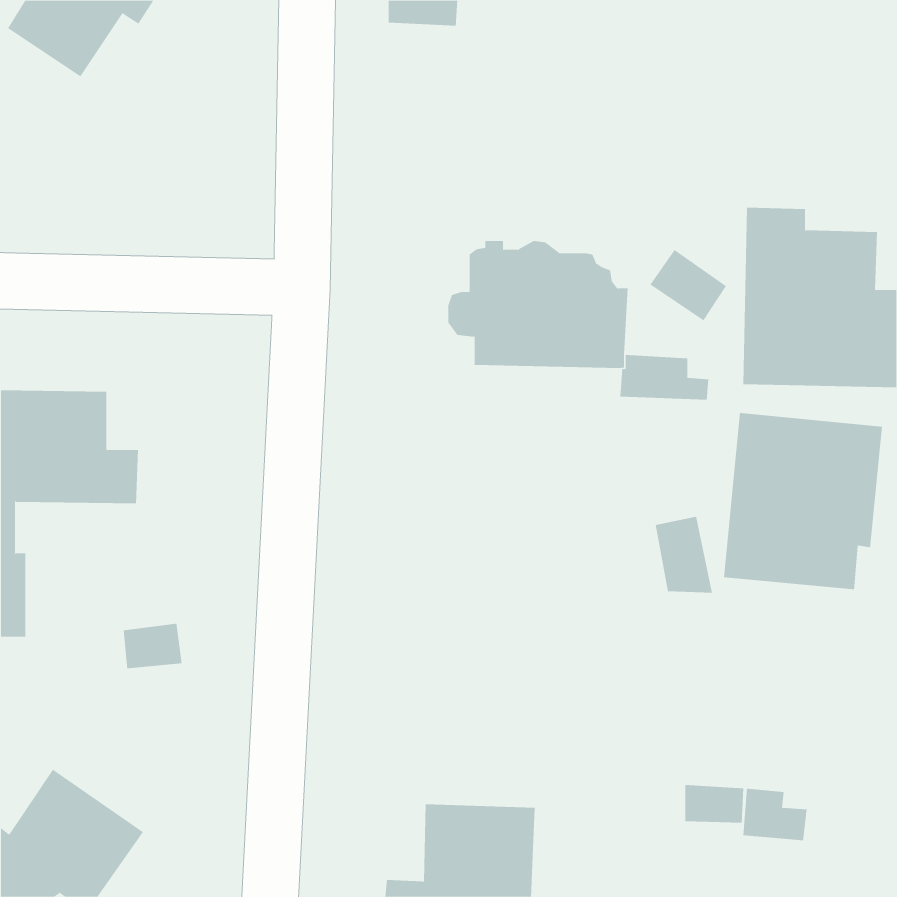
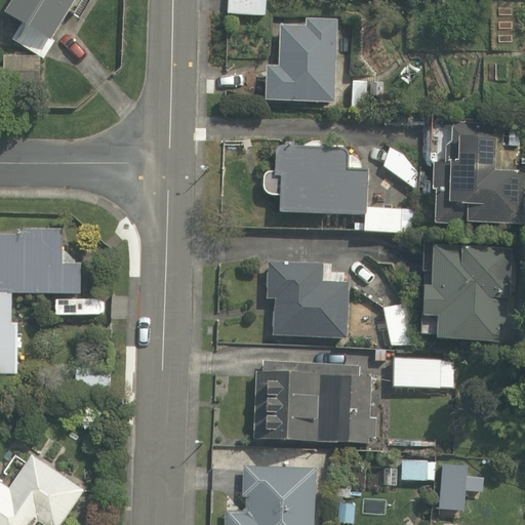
building: none -> [262,14,335,104]
building: none -> [276,257,349,336]
building: none -> [391,349,455,391]
building: none -> [253,351,370,445]

